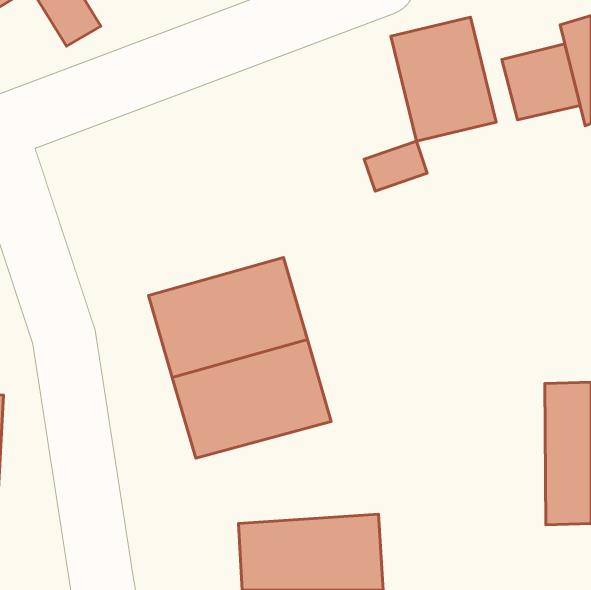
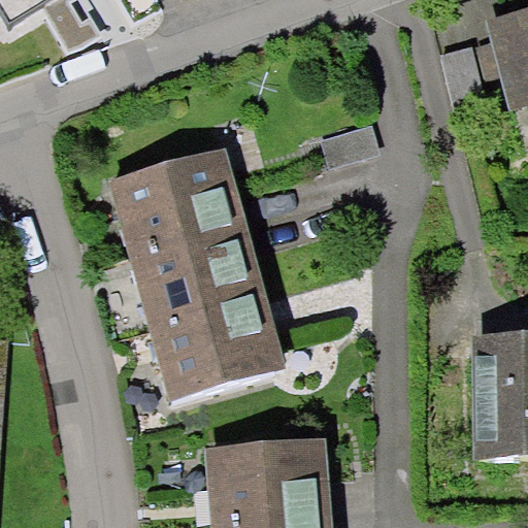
building: [391,17,496,141] -> none
building: none -> [109,153,246,257]

